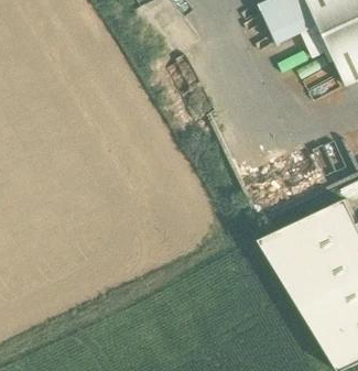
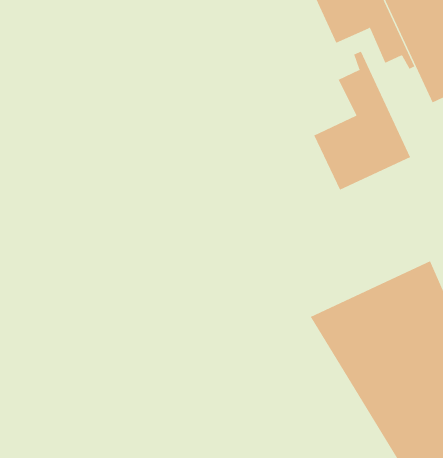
building: none -> [314,51,411,191]

